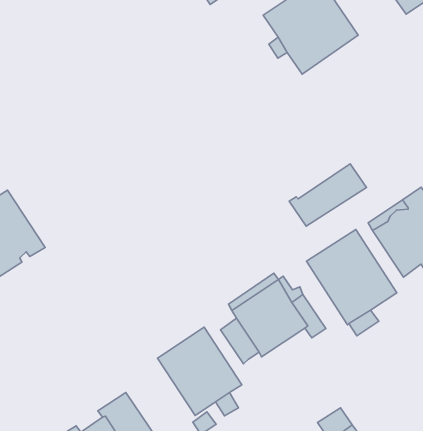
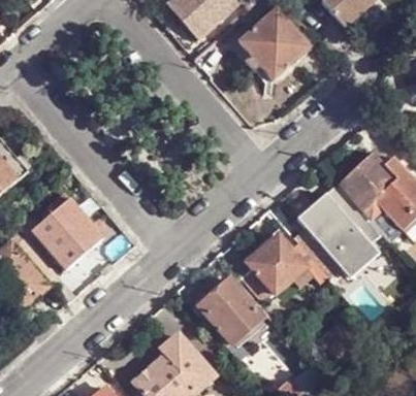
building: [289,164,366,226] -> none

